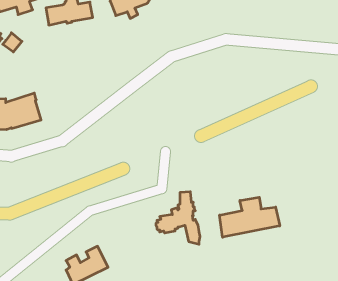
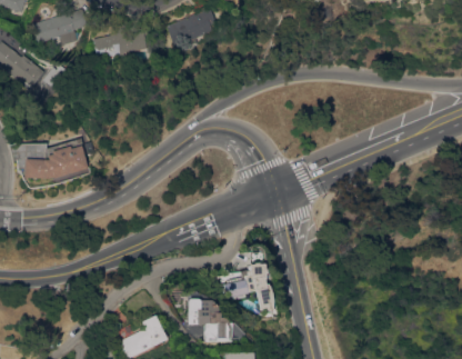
building: [220,197,280,237] -> none
building: none -> [183,299,231,341]

